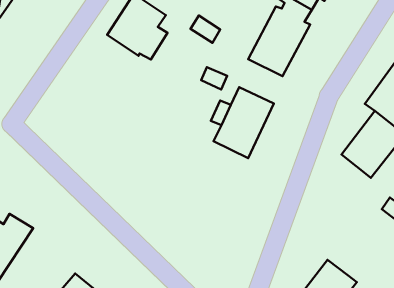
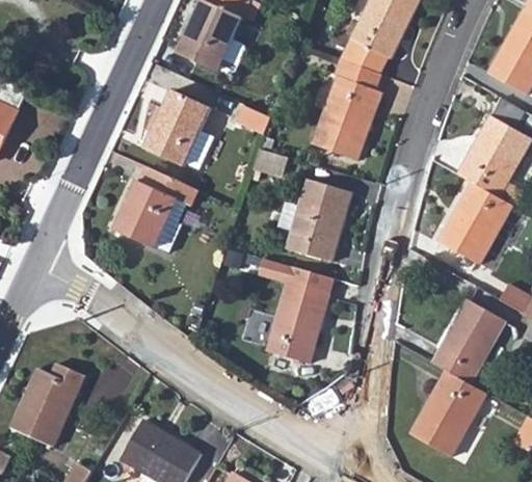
building: none -> [109,163,191,248]
building: none -> [265,279,326,360]
building: none -> [433,297,510,383]

